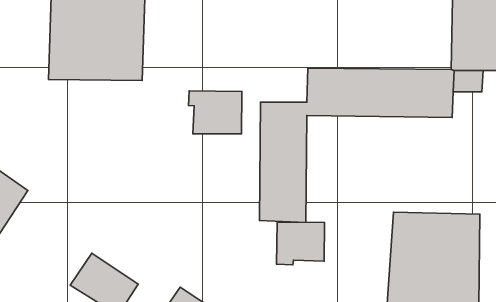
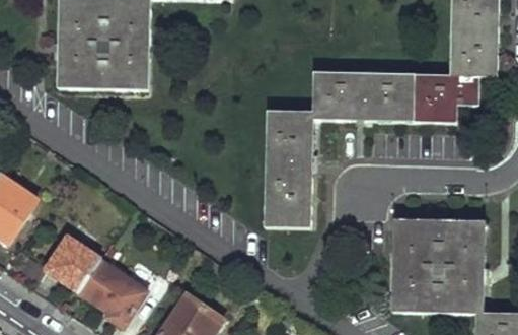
building: [188,91,242,134] -> none
building: [277,222,324,265] -> none
building: none -> [45,236,100,290]

